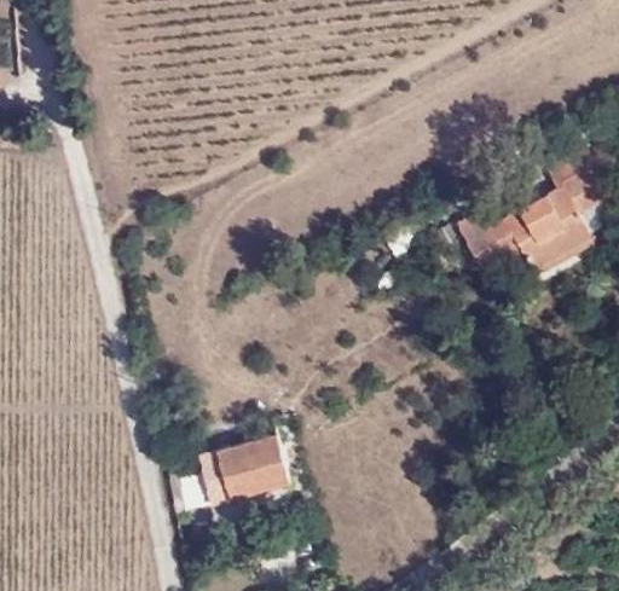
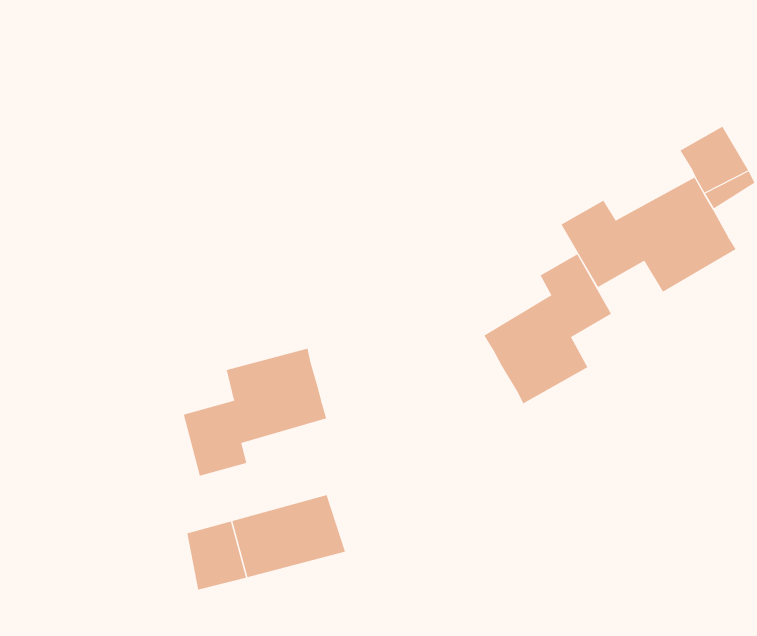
building: none -> [484,253,612,404]
building: none -> [183,348,327,476]

